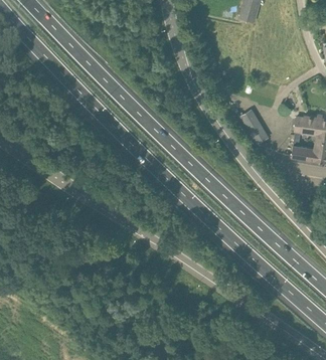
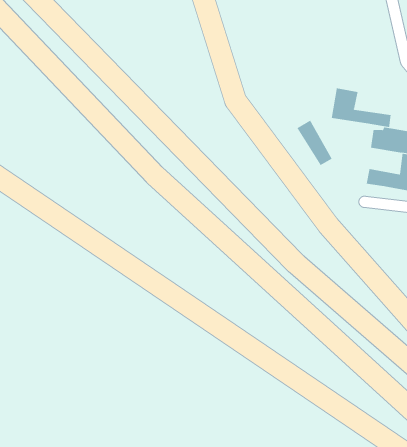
building: none -> [331,88,391,128]

